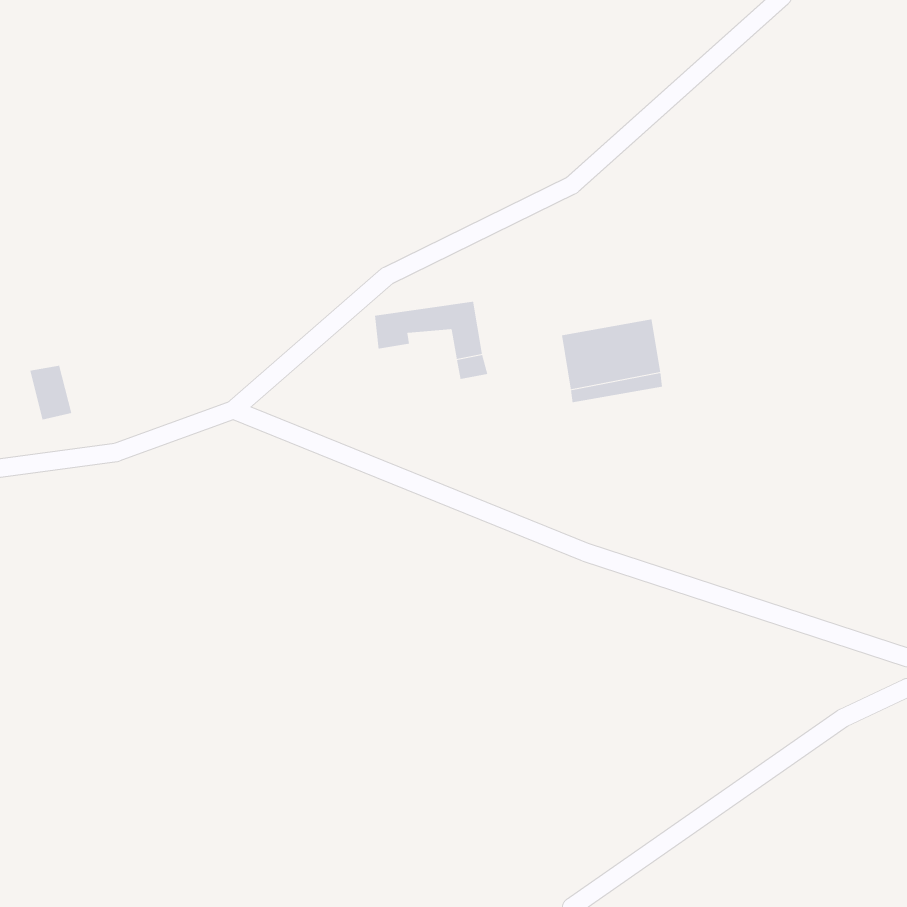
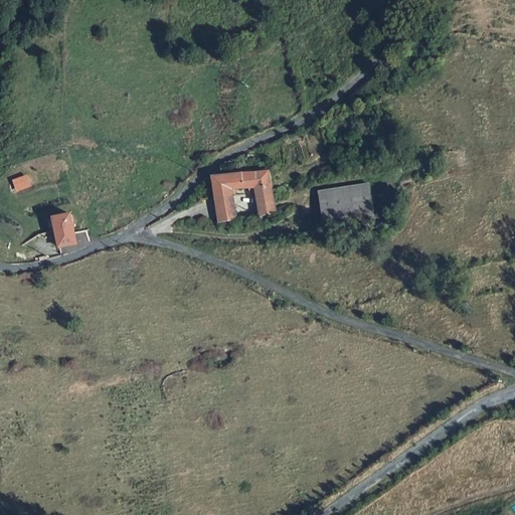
building: none -> [213,194,234,221]
building: [29,365,72,420] -> [52,214,76,245]

